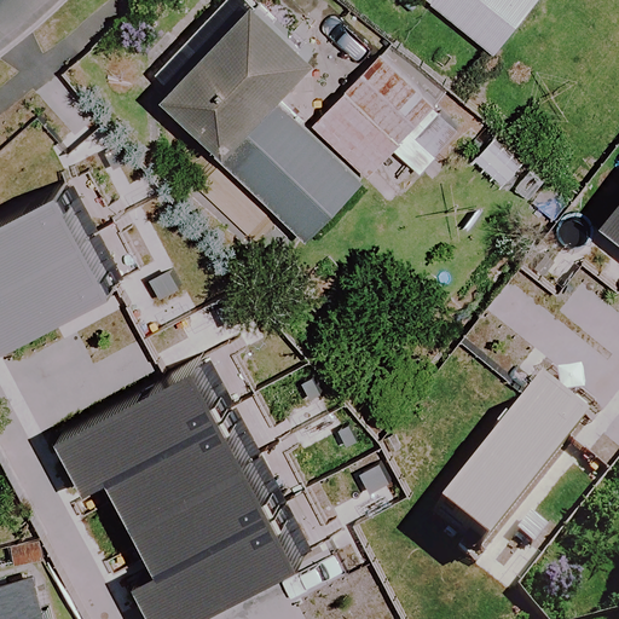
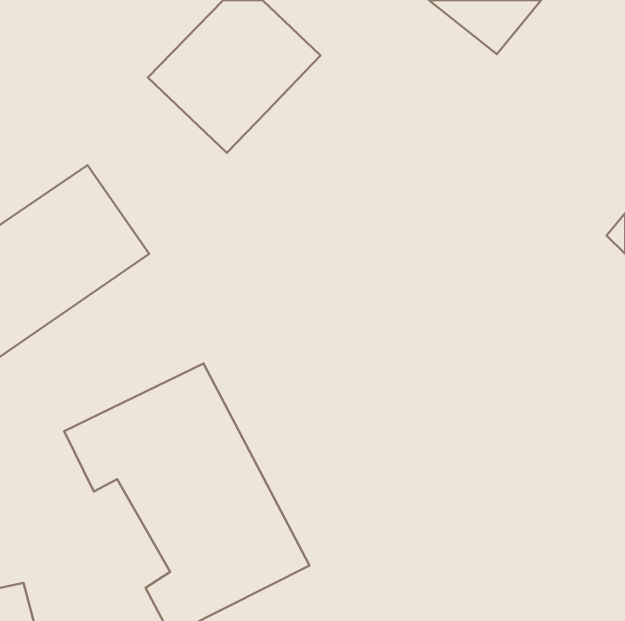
building: [226,39,445,248] -> none
building: [427,397,584,569] -> none

